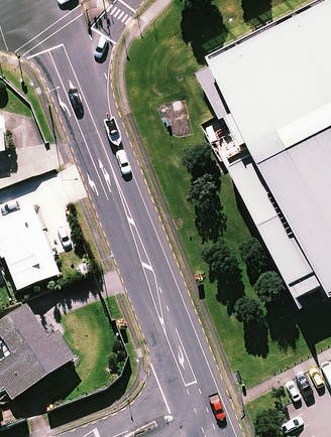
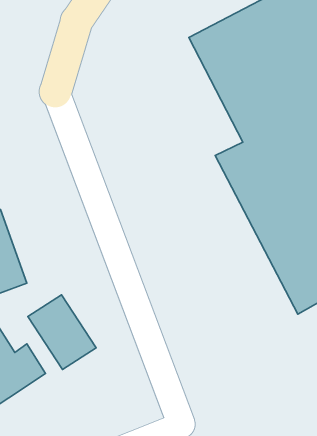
building: none -> [28,295,96,370]

